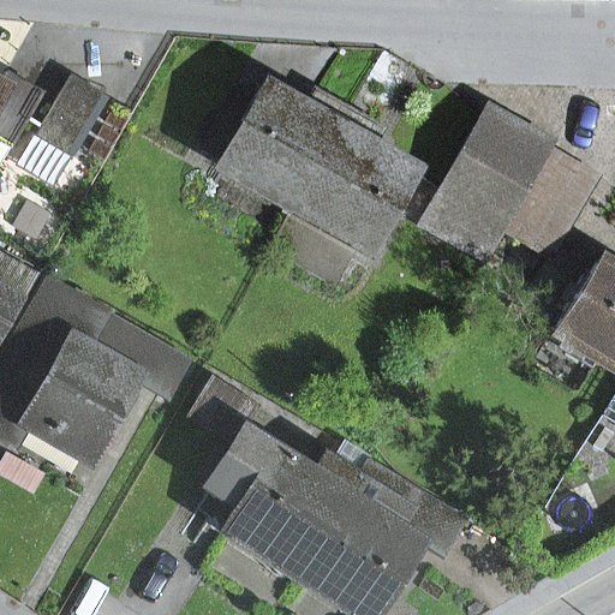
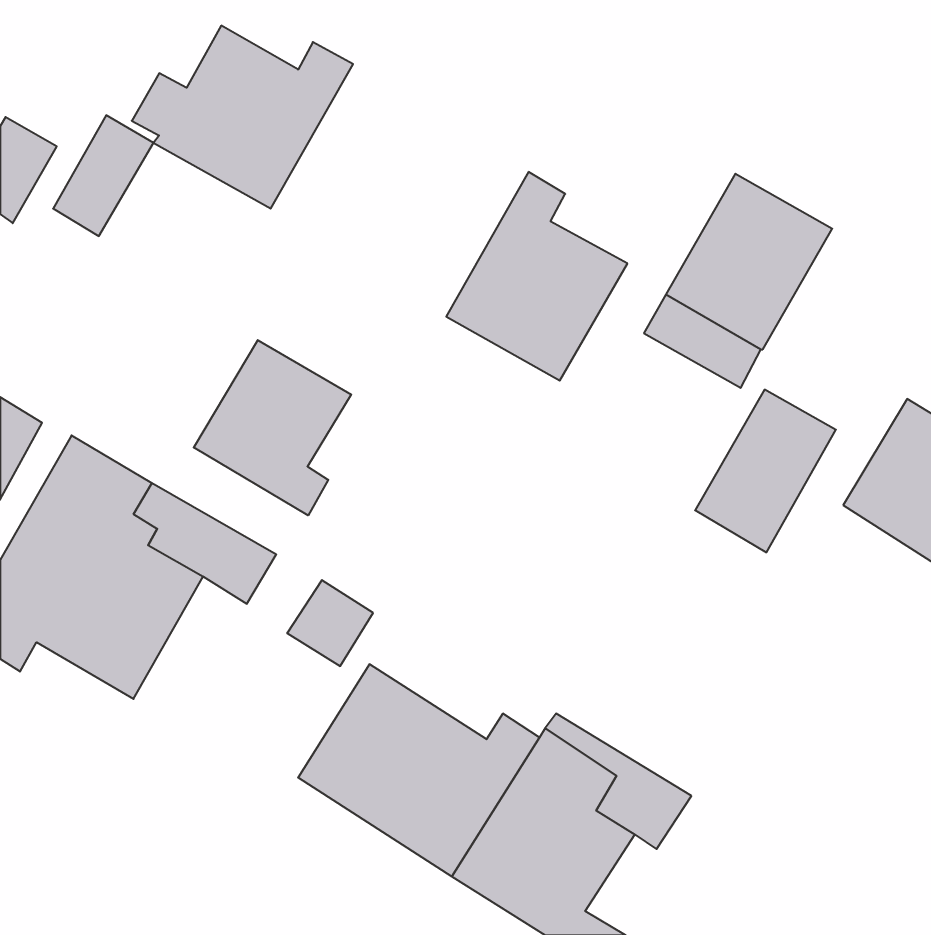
building: [204,88,350,208] -> [132,26,353,209]
building: [503,150,596,257] -> [695,390,836,552]
building: none -> [194,340,351,515]

